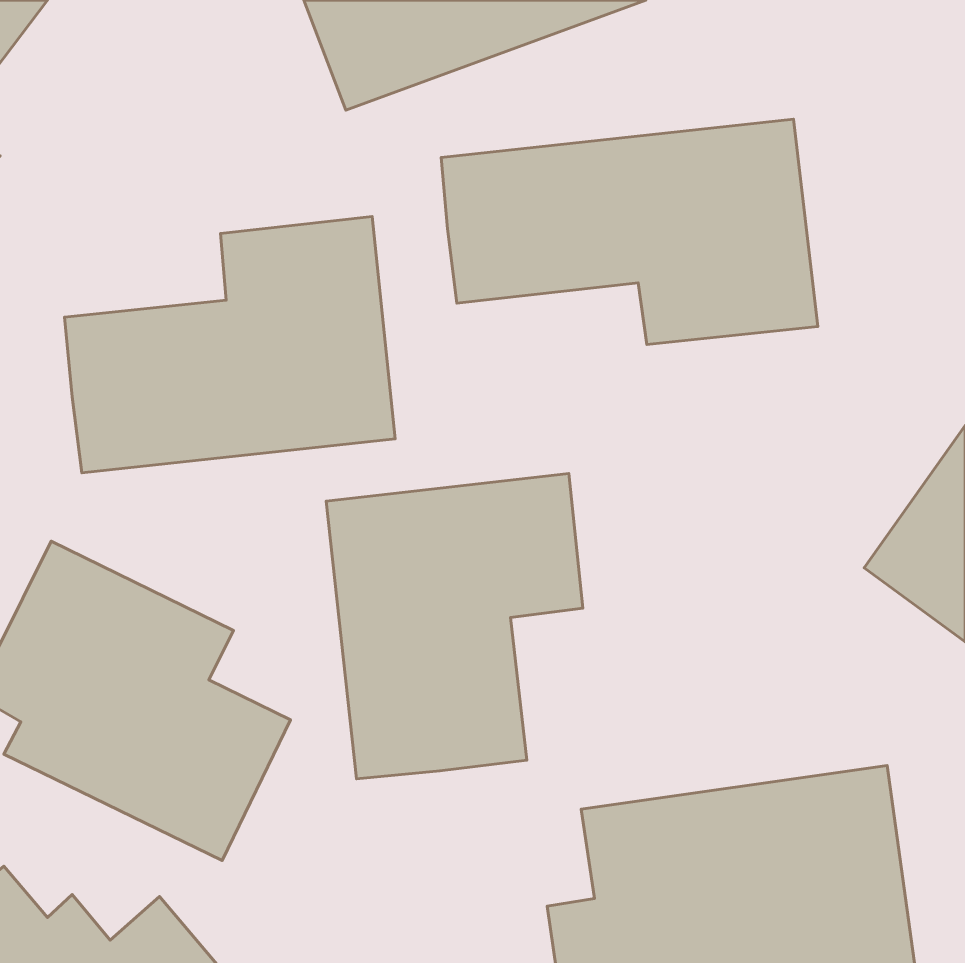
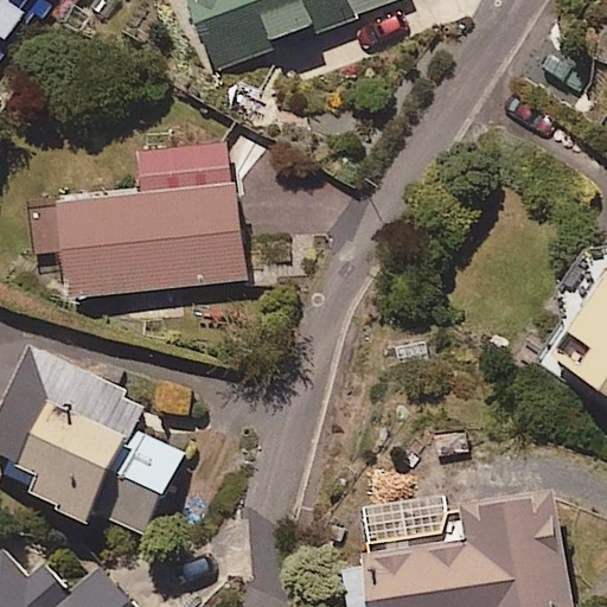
building: [441,119,818,345] -> none
building: [326,473,583,779] -> none

